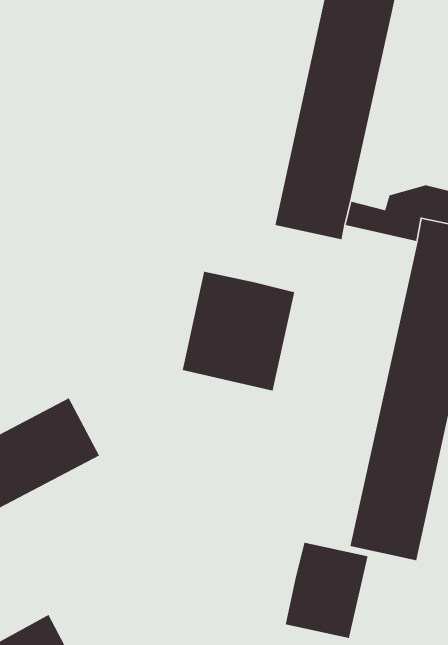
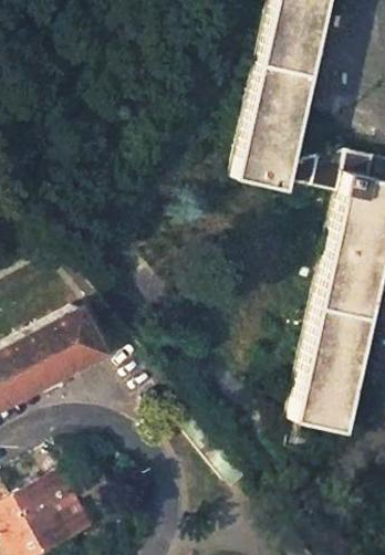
building: [182,271,295,392] -> none
building: [285,542,368,639] -> none

